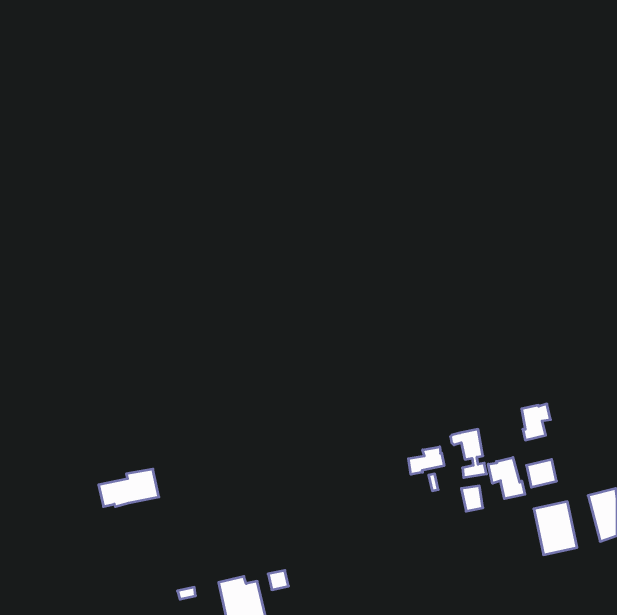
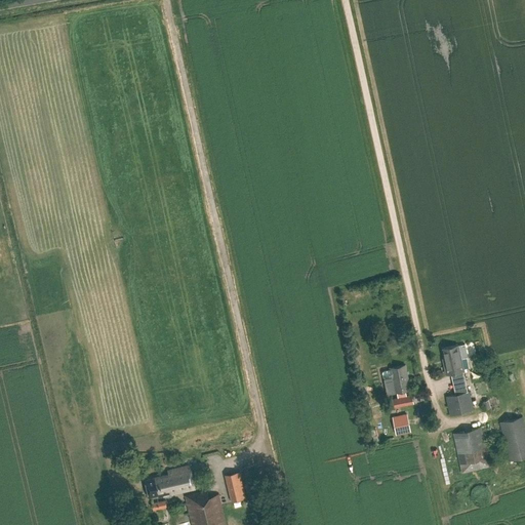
building: [408,447,444,474] -> none
building: [488,457,525,499] -> none
building: [99,469,159,507] -> [144,467,195,498]

